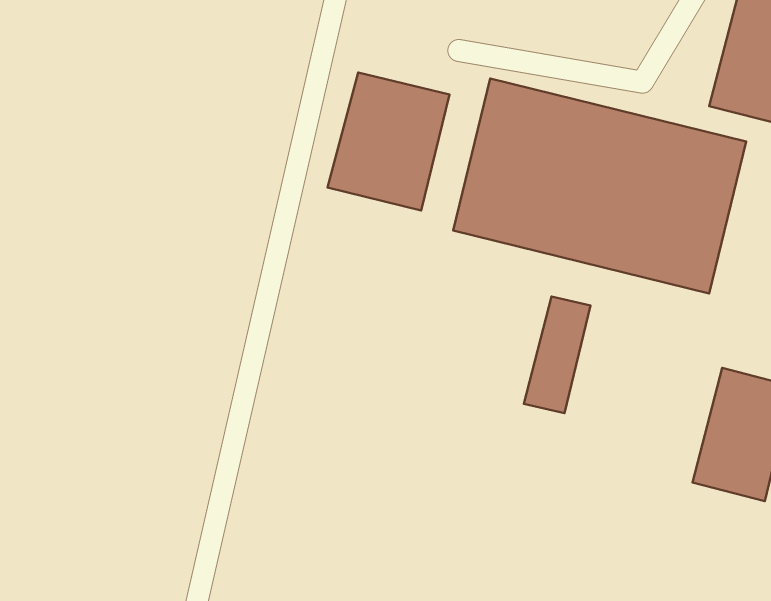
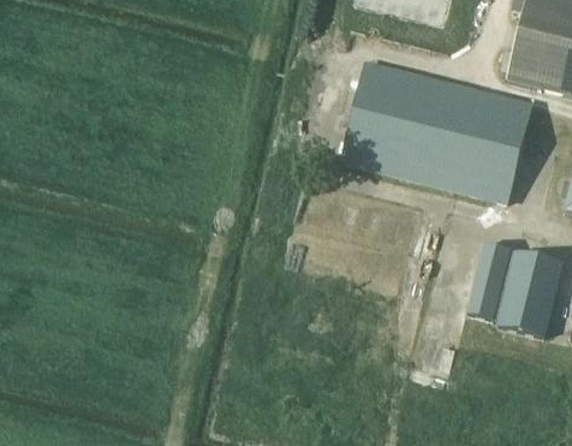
building: [328,73,449,211] -> none
building: [524,296,591,413] -> [466,242,510,317]

